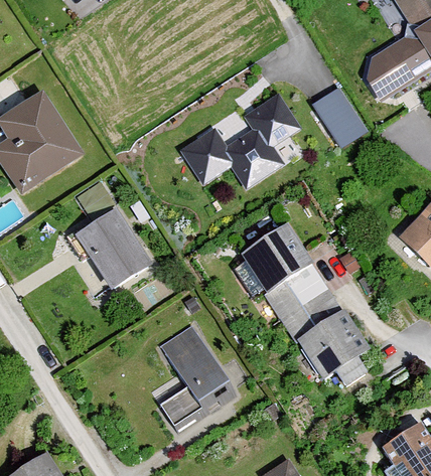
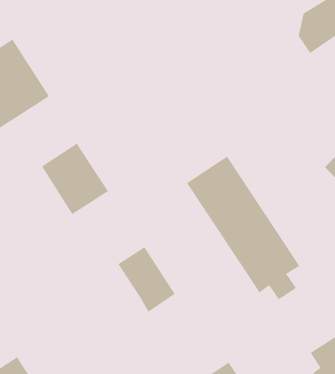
building: [312,87,369,149] -> none
building: [179,94,301,189] -> none
building: [159,386,200,426] -> none

